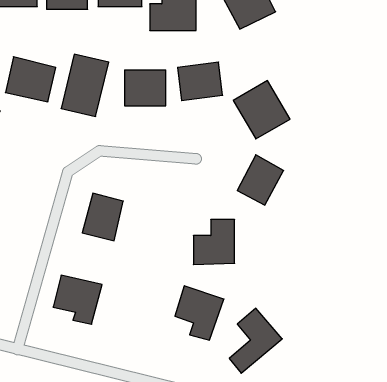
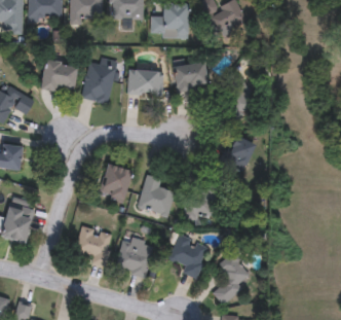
building: none -> [137,175,176,217]
building: none -> [116,236,155,277]

